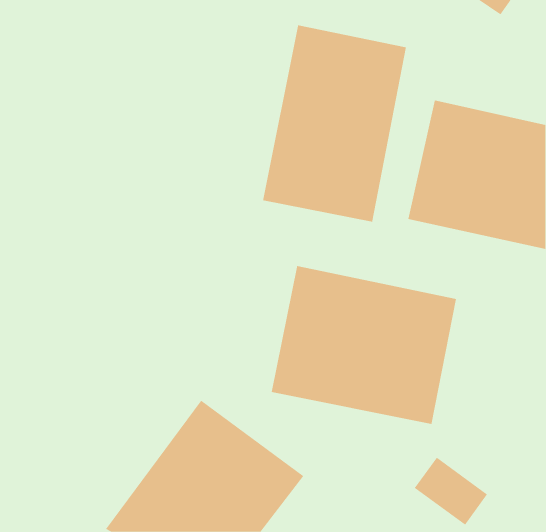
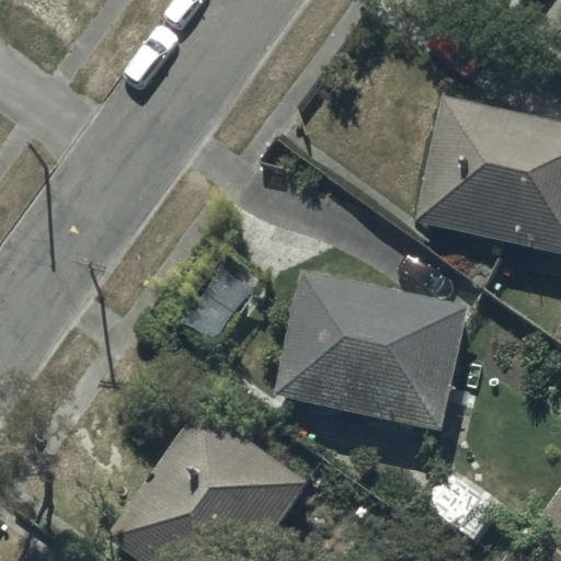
building: [262,25,407,222] -> none

